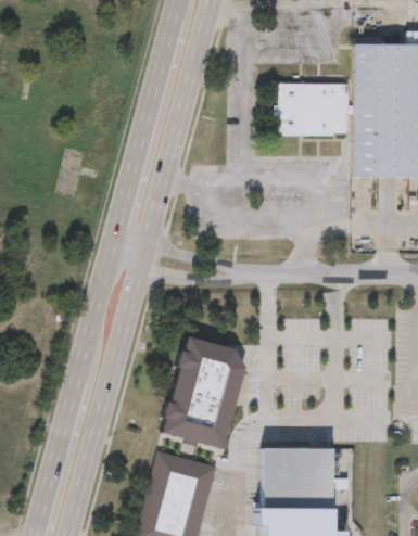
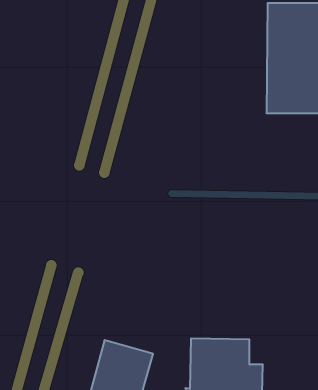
building: [276,84,350,137] -> none
building: [160,336,244,450] -> none

